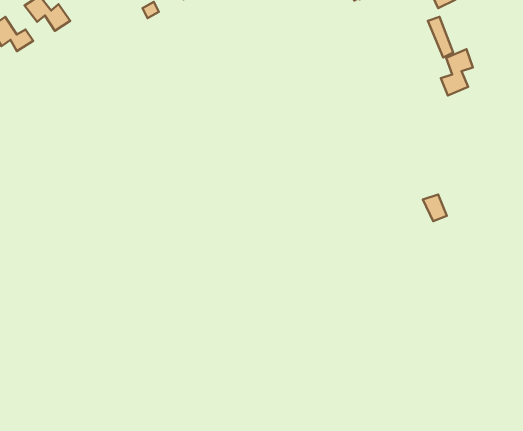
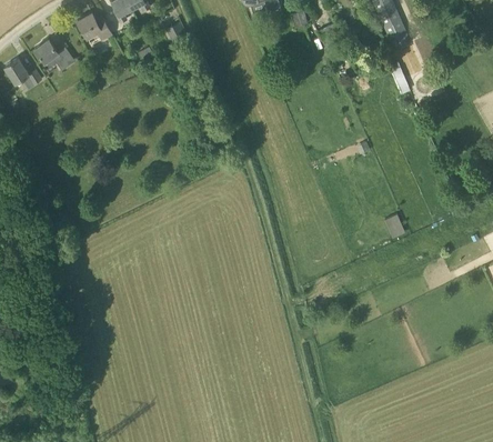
building: [441,49,473,95] -> none

